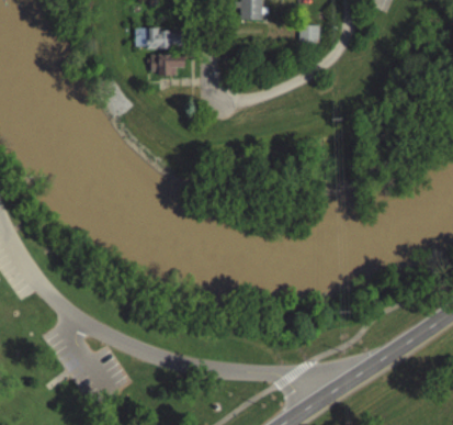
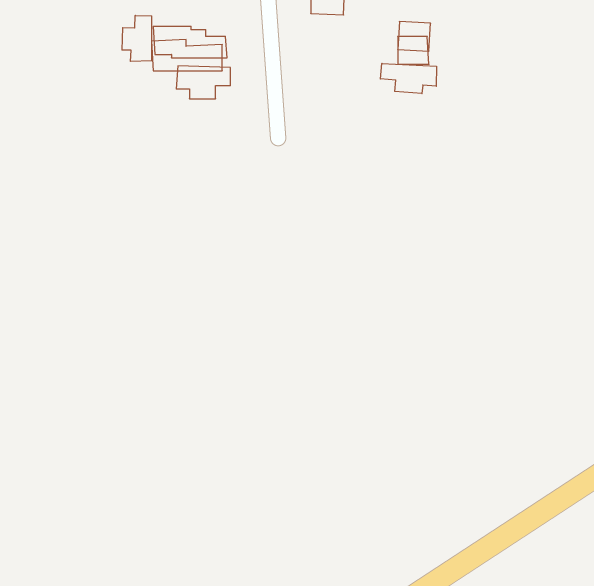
building: none -> [122,15,152,61]
building: none -> [380,63,436,94]

